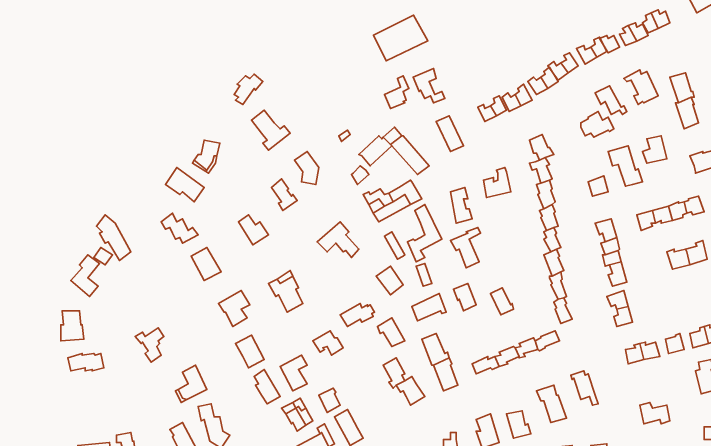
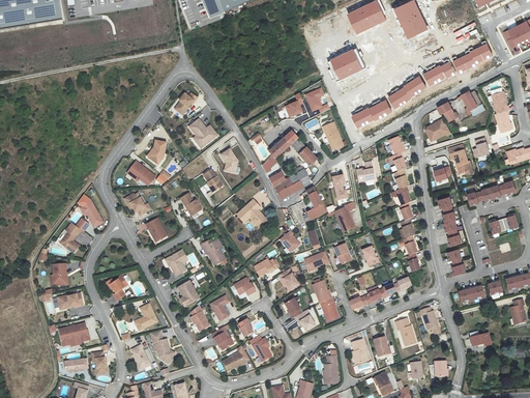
building: [373,15,428,61] -> [326,48,365,81]
building: none -> [57,322,88,345]

